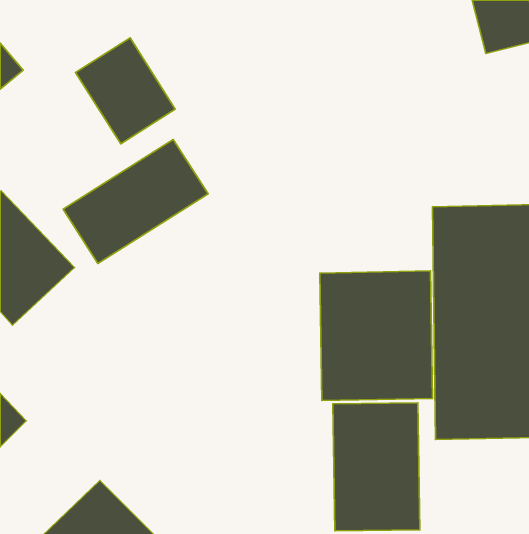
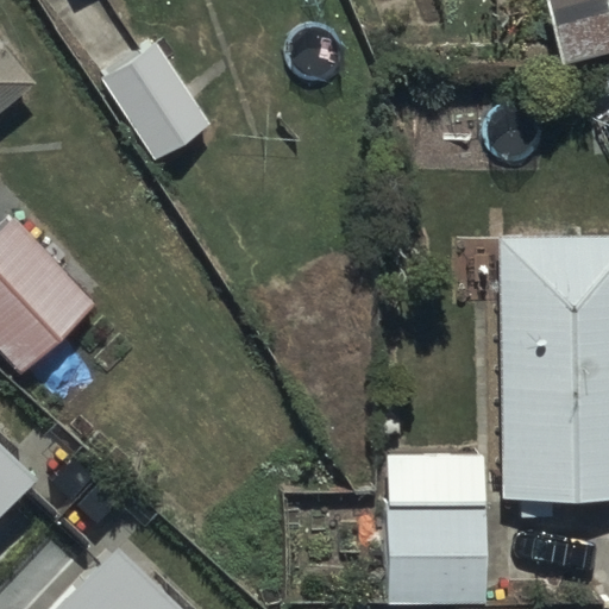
building: [63,139,208,263] -> none
building: [320,271,432,401] -> none

